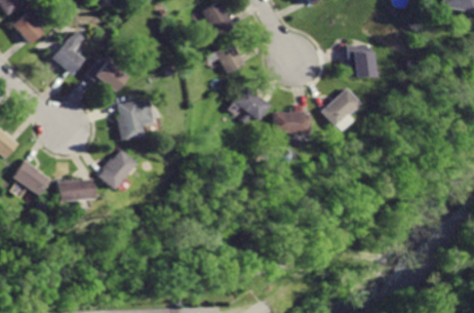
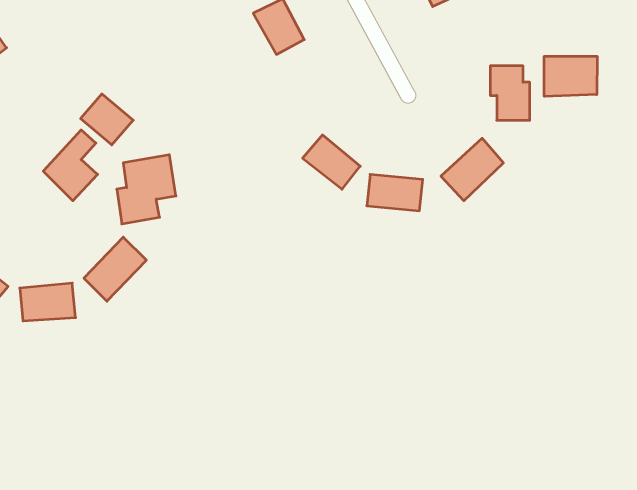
building: [52,32,86,76] -> [43,130,98,201]
building: none -> [544,56,597,96]
building: [214,42,244,75] -> none

